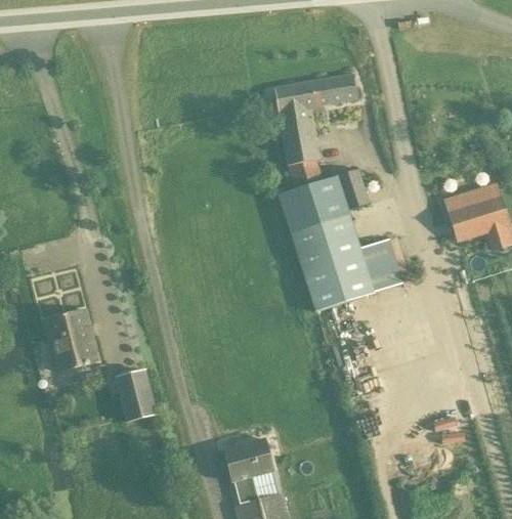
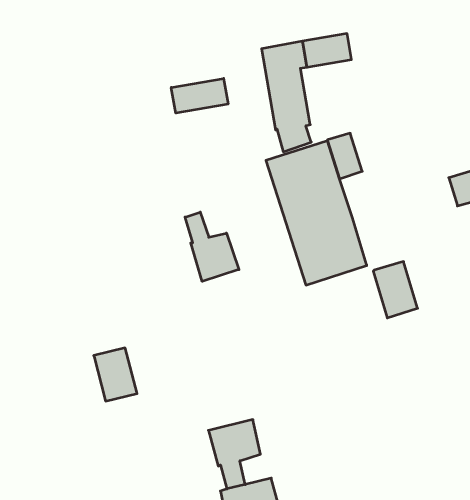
building: none -> [171,78,228,113]
building: [359,239,401,292] -> [373,262,418,318]
building: none -> [185,212,239,281]
building: [45,309,98,371] -> none

